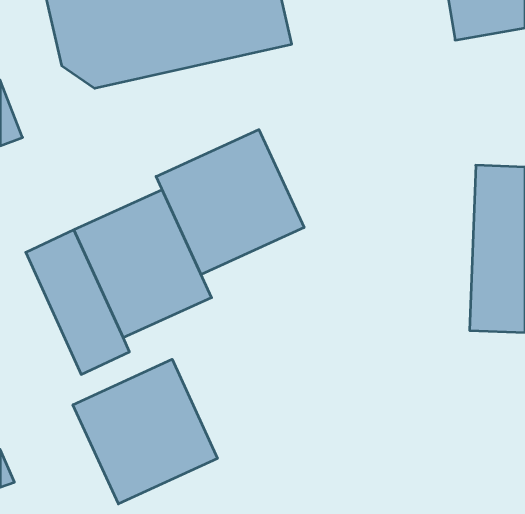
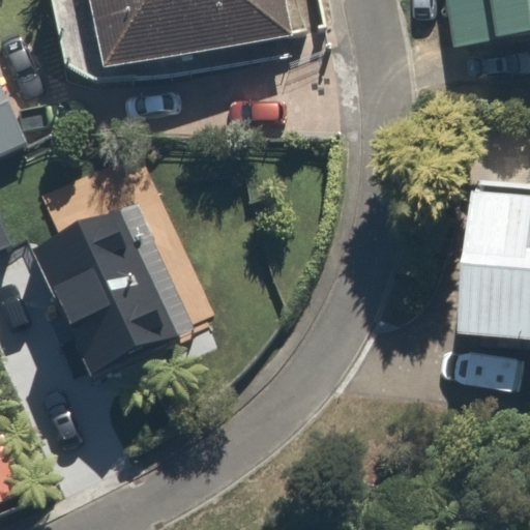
building: [156,130,304,274] -> none
building: [73,359,217,504] -> none

